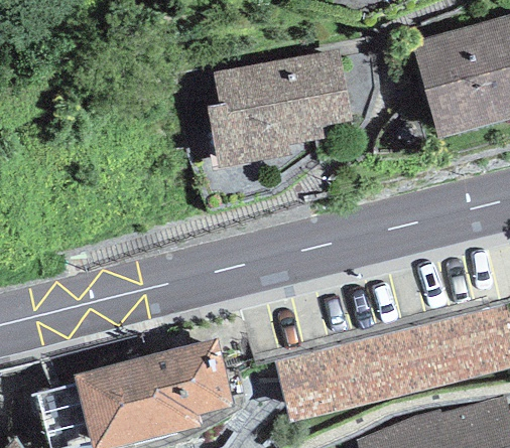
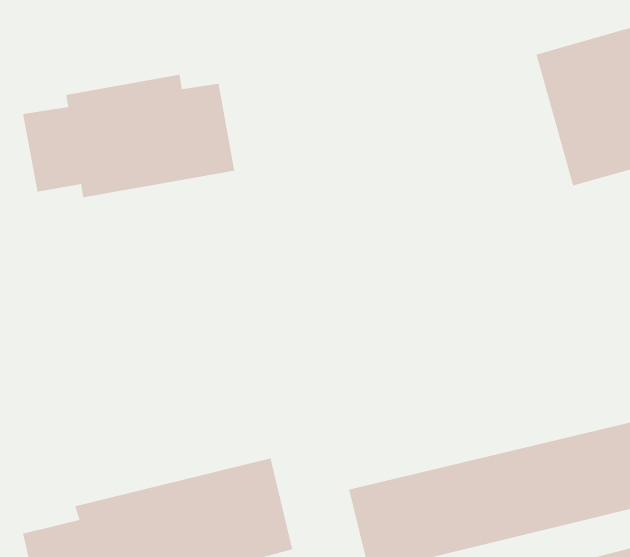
building: [207,48,353,169] -> none
building: none -> [22,74,235,198]

